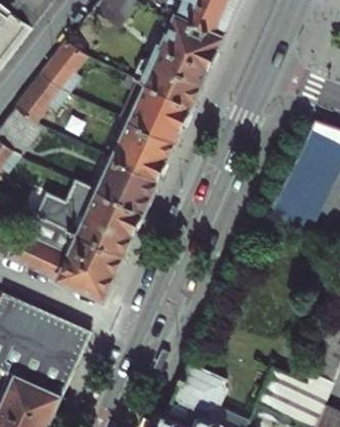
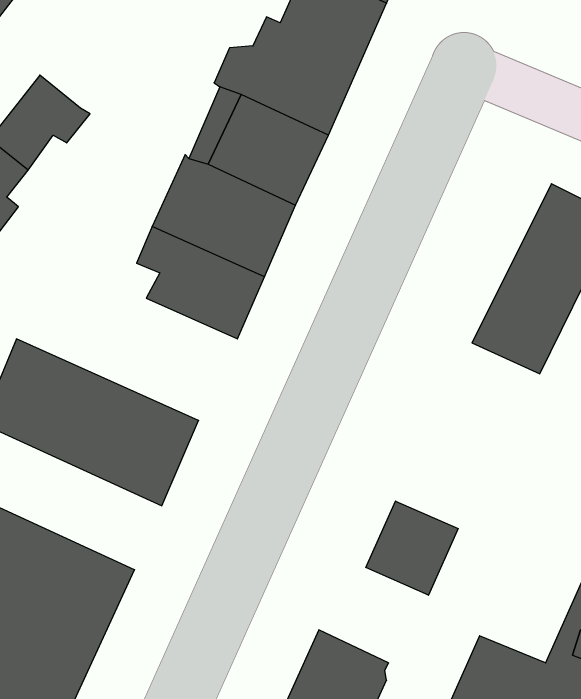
building: [42,41,87,94] -> none
building: [37,180,145,254] -> none
building: none -> [366,501,458,595]

